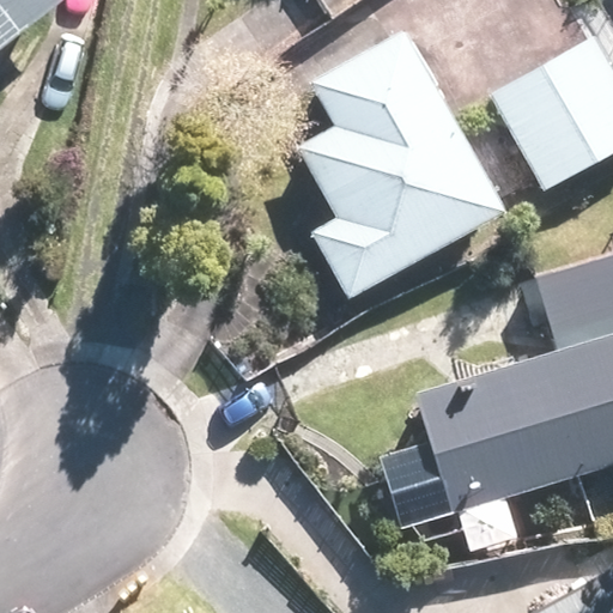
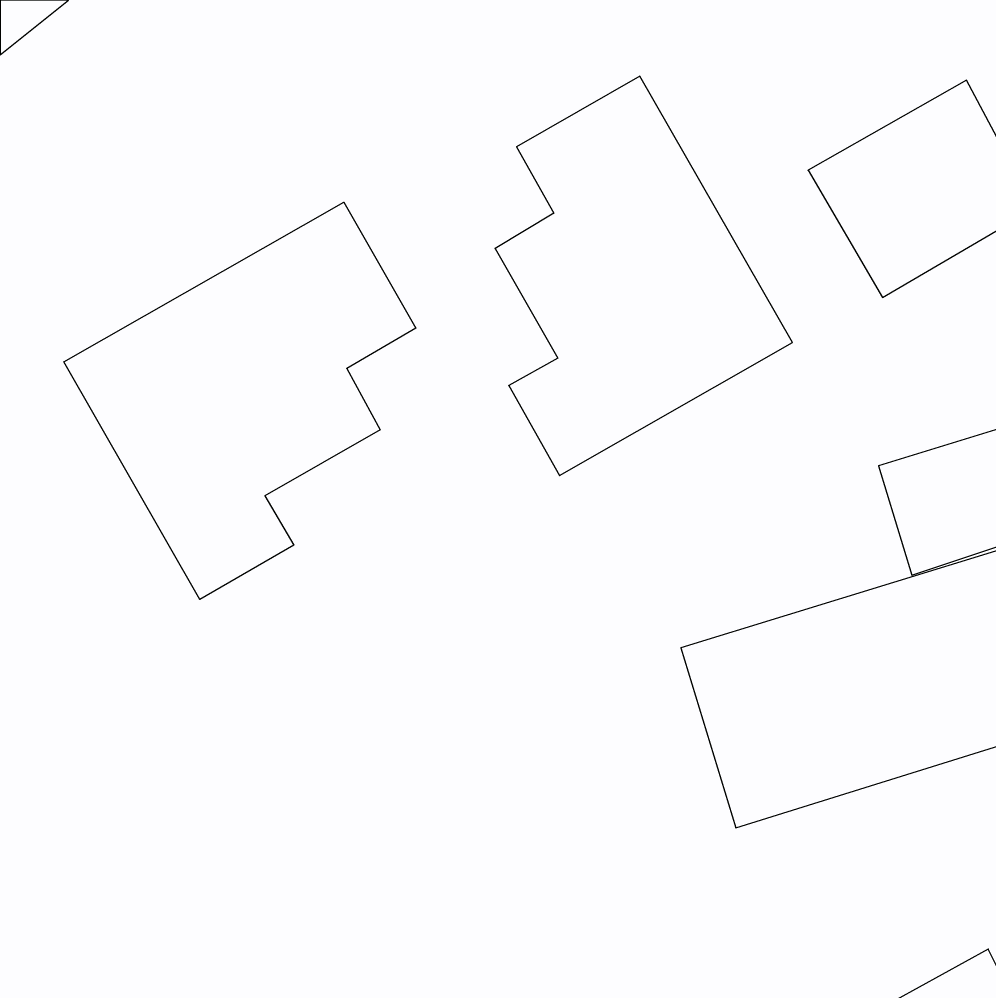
building: none -> [64,202,416,599]

